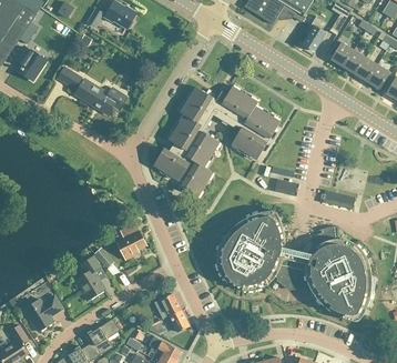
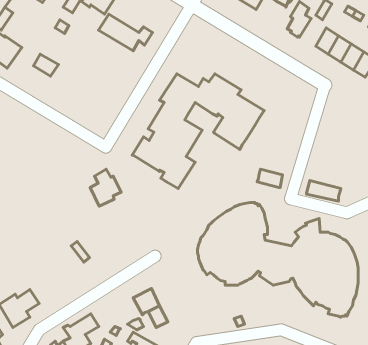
building: [74,79,126,114] -> [99,14,153,51]
building: [116,224,146,260] -> [90,169,121,206]
building: [77,256,104,301] -> none

